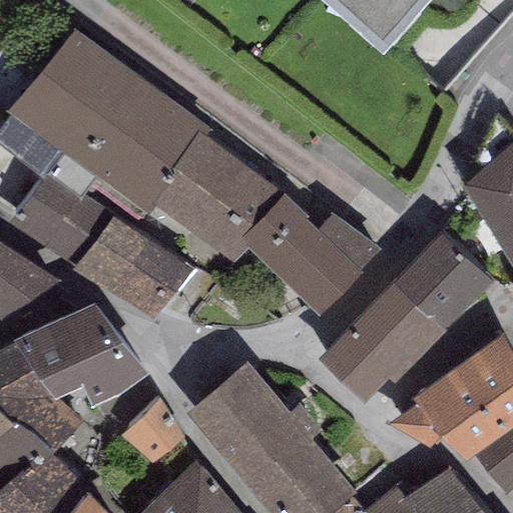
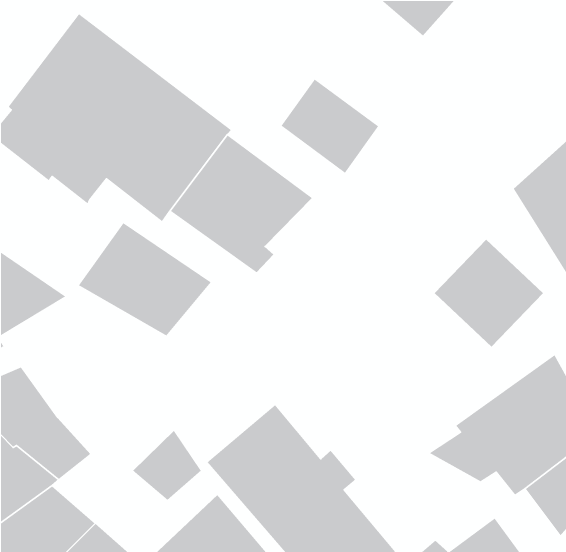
building: none -> [280,78,379,174]
building: [6,173,112,272] -> none
building: [240,190,379,312] -> none
building: [319,279,445,400] -> none
building: [14,300,151,402] -> none

